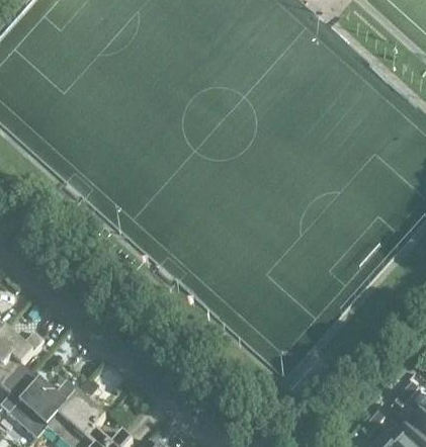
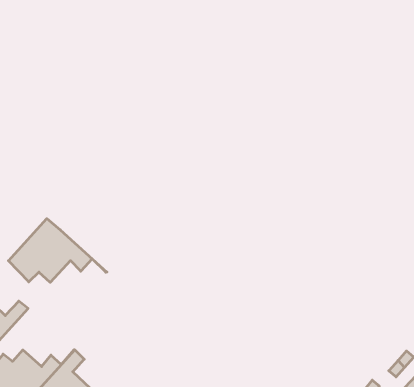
building: none -> [8,219,107,282]

